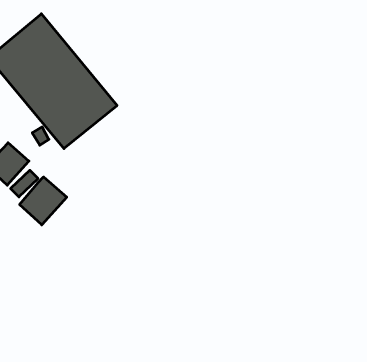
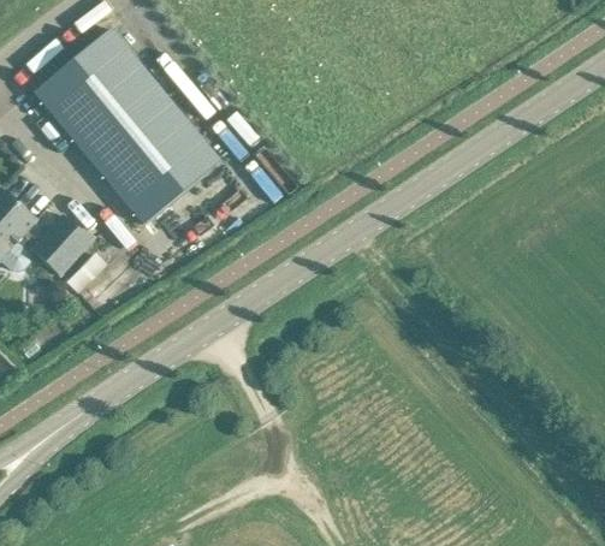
building: [20,177,67,225] -> none

